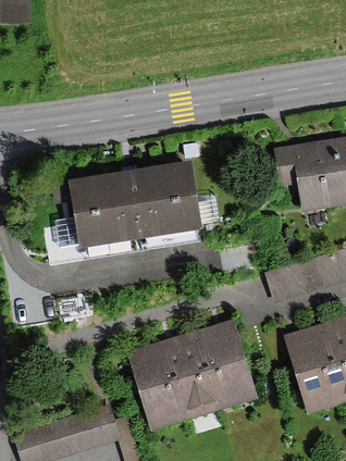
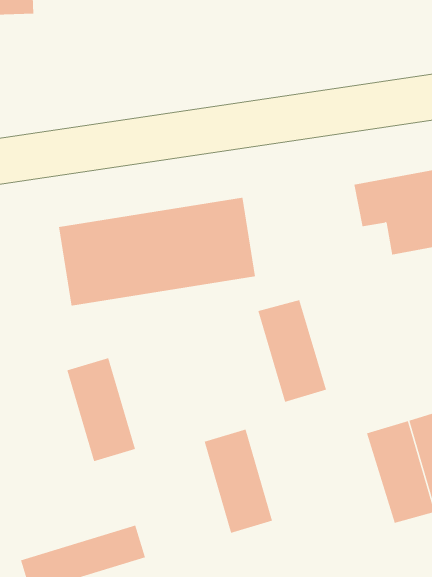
building: [195,331,248,410] -> [258,299,327,402]
building: [129,349,183,429] -> [67,357,136,462]

